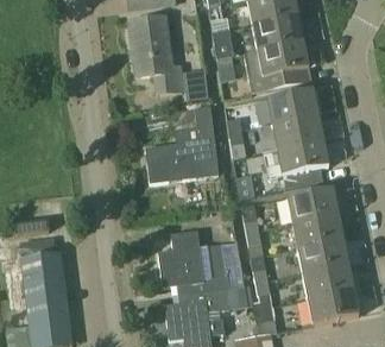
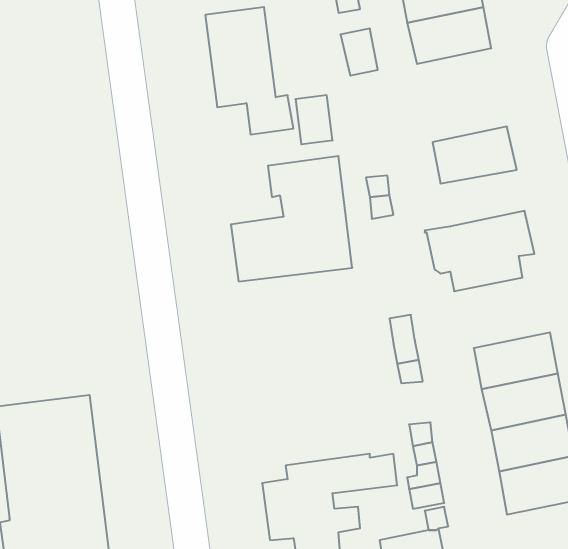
building: [244,40,311,92] -> none
building: [272,114,323,149] -> none
building: [288,187,339,222] -> none
building: [158,231,229,294] -> none

